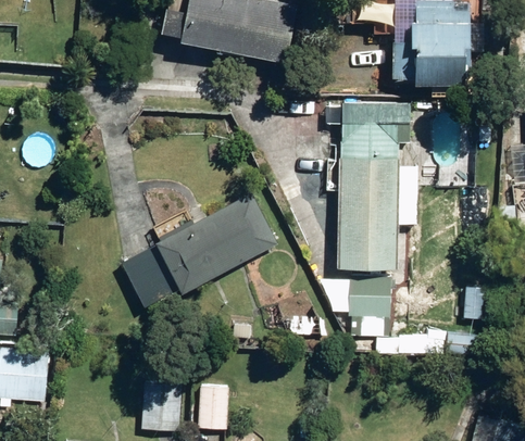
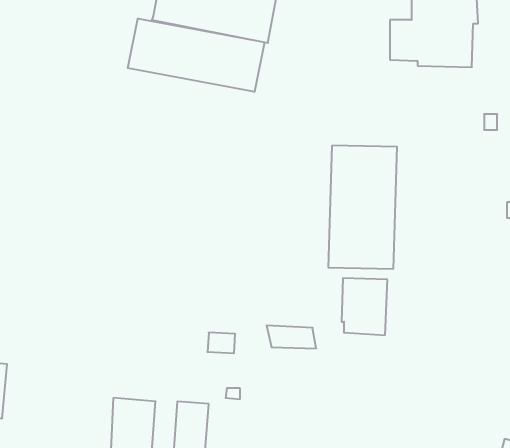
building: none -> [128,18,265,92]
building: [340,101,410,156] -> none
building: [118,192,275,308] -> none

